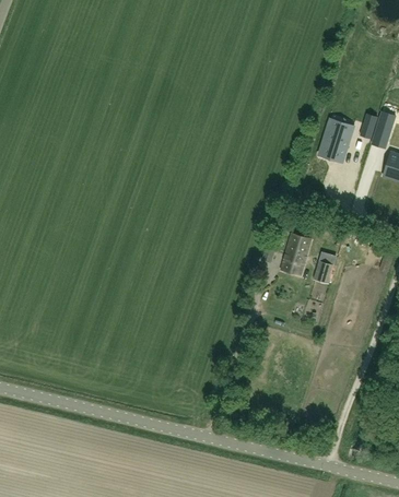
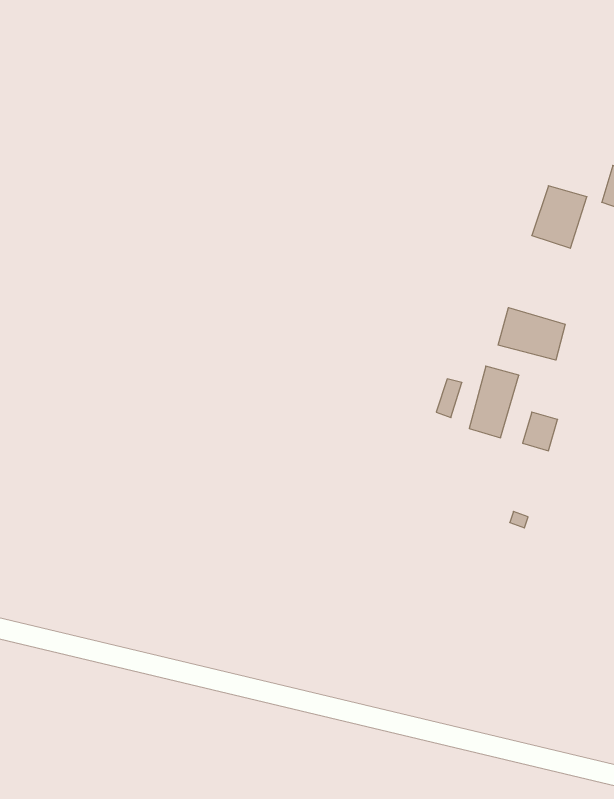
building: none -> [498,308,565,360]

